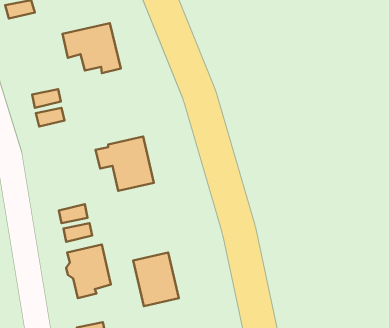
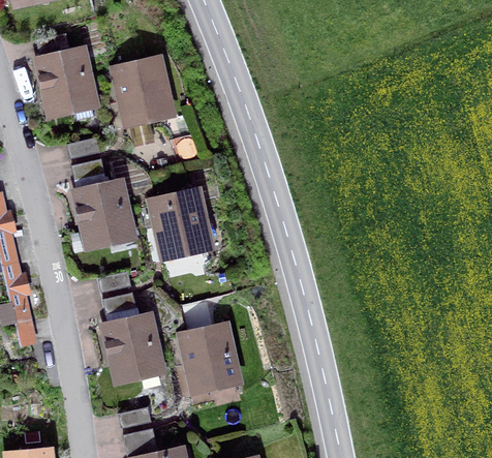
building: none -> [39,52,110,114]
building: none -> [78,183,147,246]

